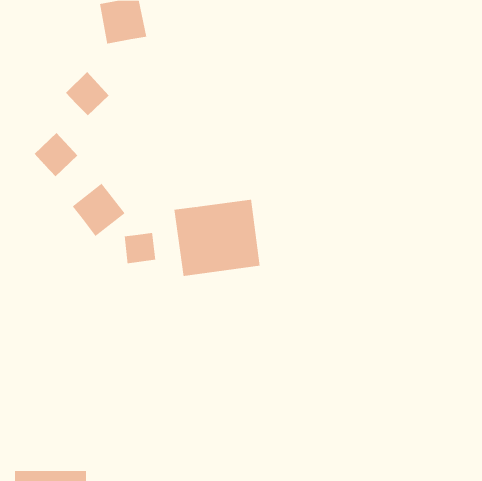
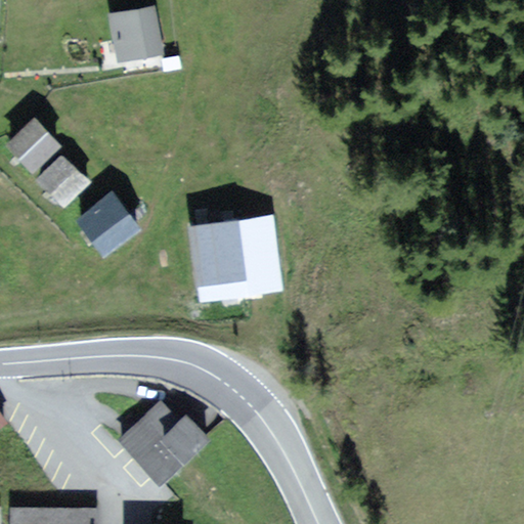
building: [65,71,110,116] -> [7,108,55,158]
building: [124,232,156,264] -> none
building: none -> [120,401,205,485]

